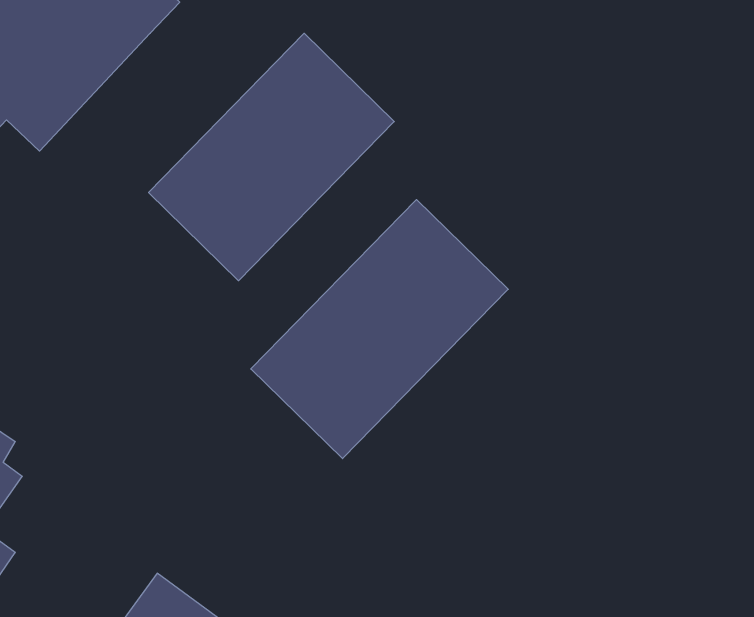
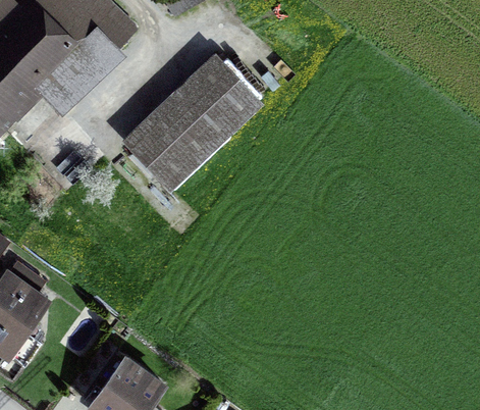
building: [251,200,508,459] -> none

